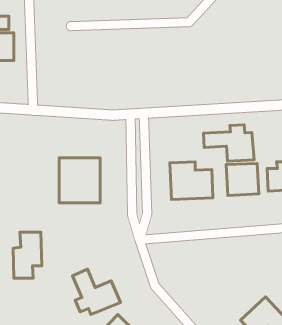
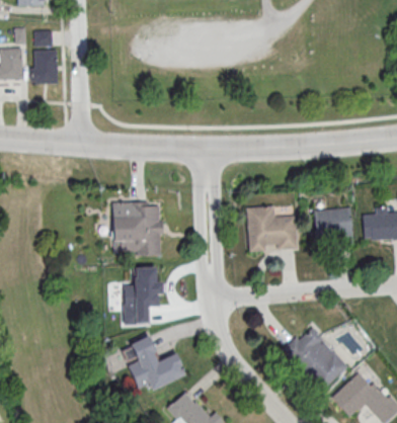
building: [204,125,254,161] -> none
building: [13,232,42,278] -> [125,267,159,323]
building: none -> [282,325,349,392]

